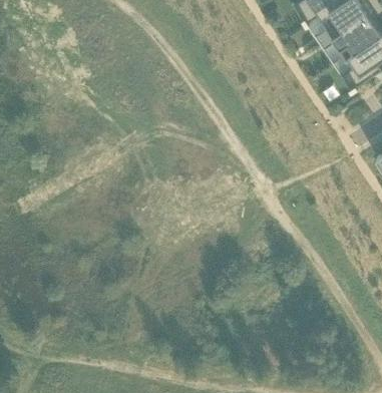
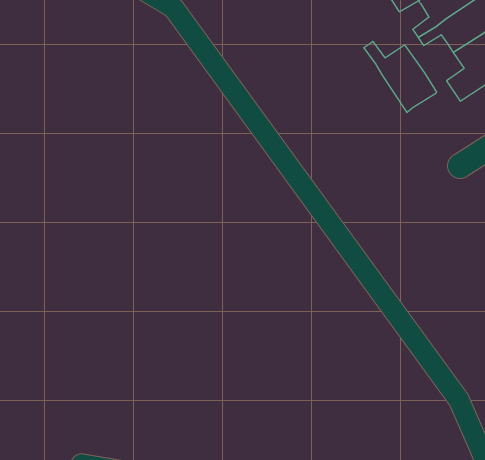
building: none -> [364,41,436,112]

